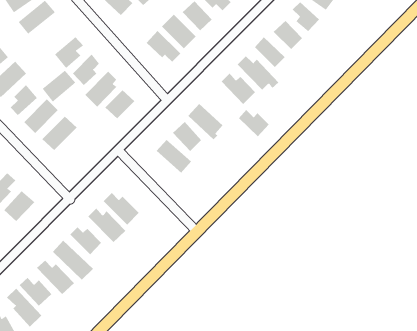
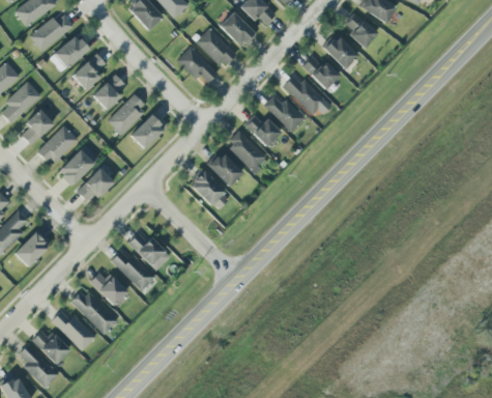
building: [42,70,76,102] -> [49,35,88,73]
building: [238,109,270,137] -> [243,115,280,147]
building: none -> [76,168,113,201]

